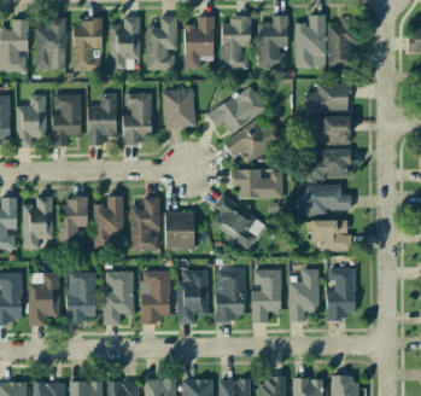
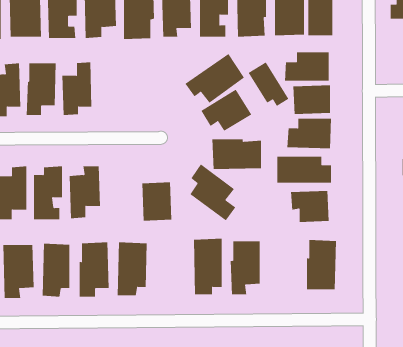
building: [163,89,194,128] -> none
building: none -> [248,61,289,107]
building: [122,93,152,144] -> none
building: [129,197,159,250] -> none
building: [287,268,320,321] -> none
building: [176,270,207,324] -> none

